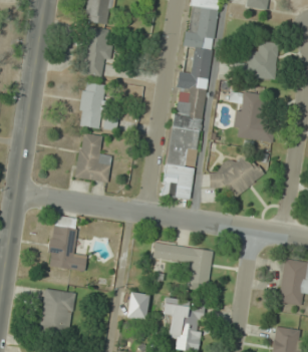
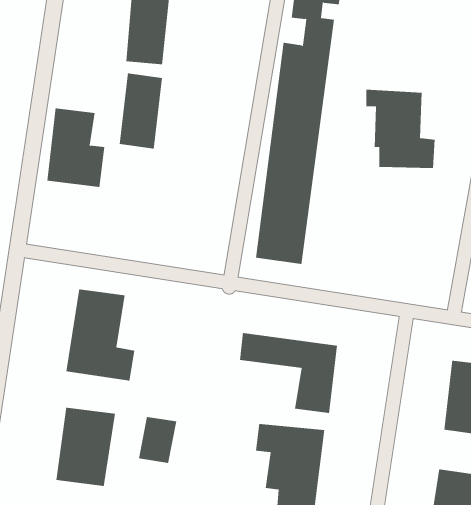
building: [235,41,278,79] -> none
building: [74,132,110,182] -> [47,108,105,187]
building: [207,149,264,200] -> none
building: [125,291,149,320] -> [138,416,177,463]

